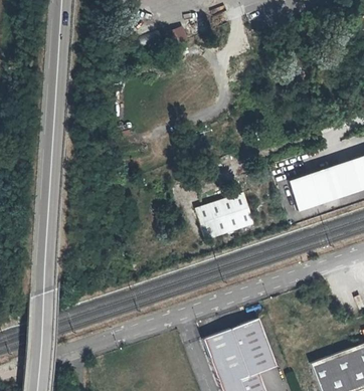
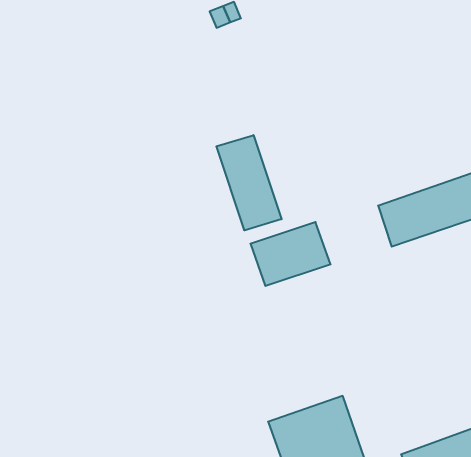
building: none -> [216,135,282,230]

